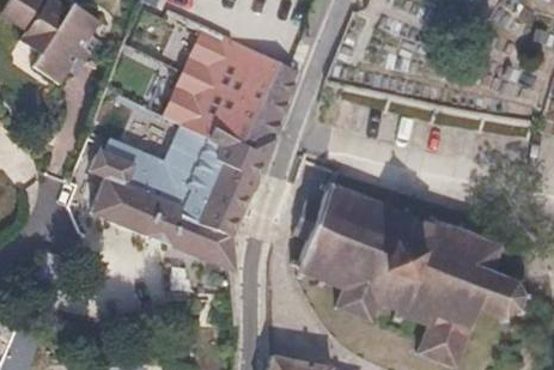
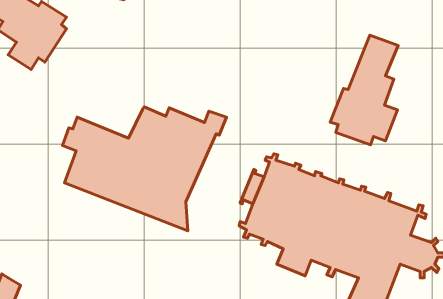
building: [163,36,302,144] -> none
building: none -> [330,35,398,145]

